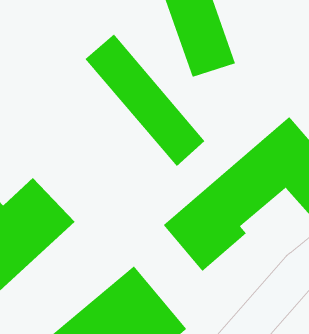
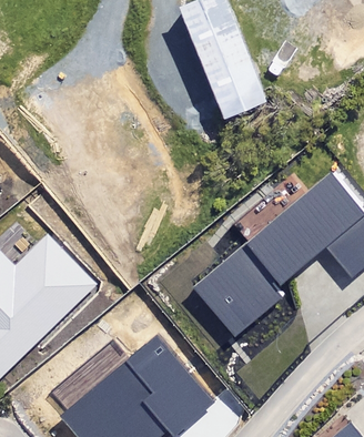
building: [85,34,205,167] -> none

